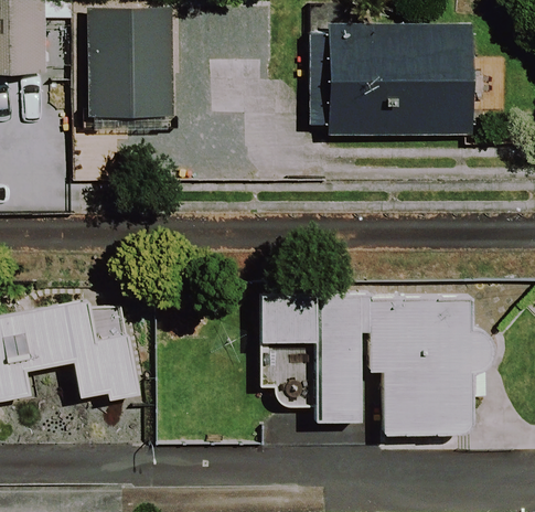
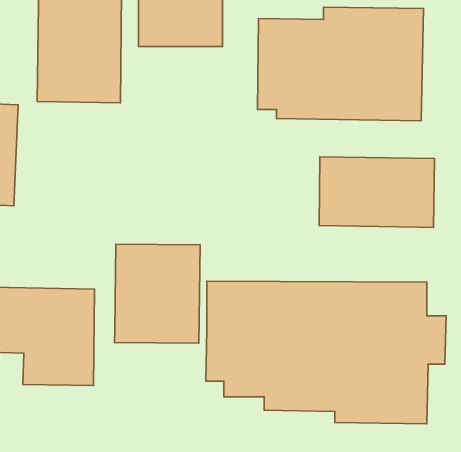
building: none -> [319,157,434,227]
building: none -> [115,244,200,343]

